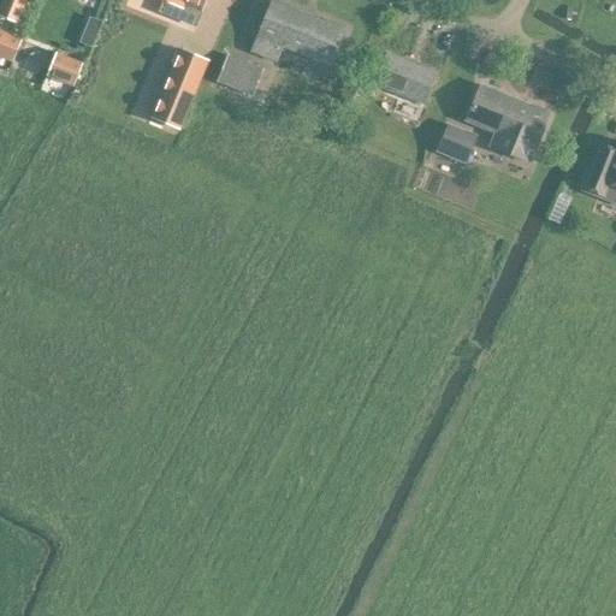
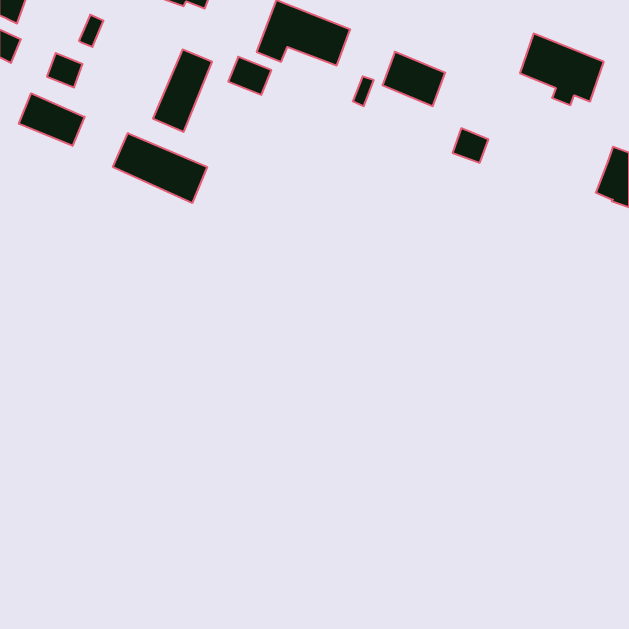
building: [464,83,546,153] -> [520,34,604,105]
building: none -> [19,93,85,146]
building: none -> [113,133,207,203]

